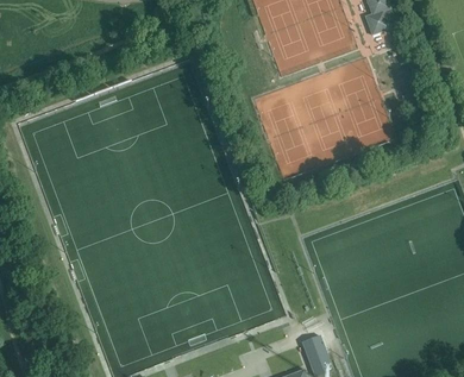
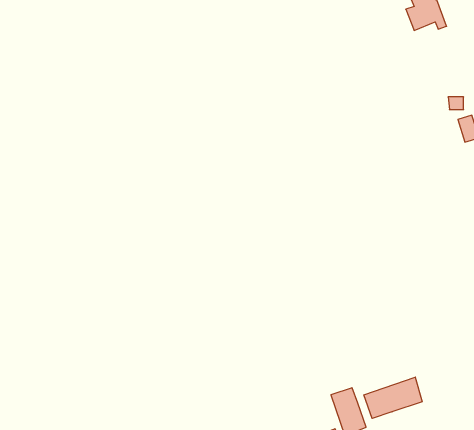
building: none -> [364,377,422,418]

